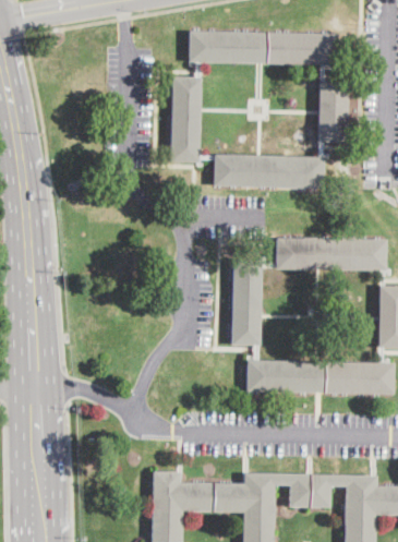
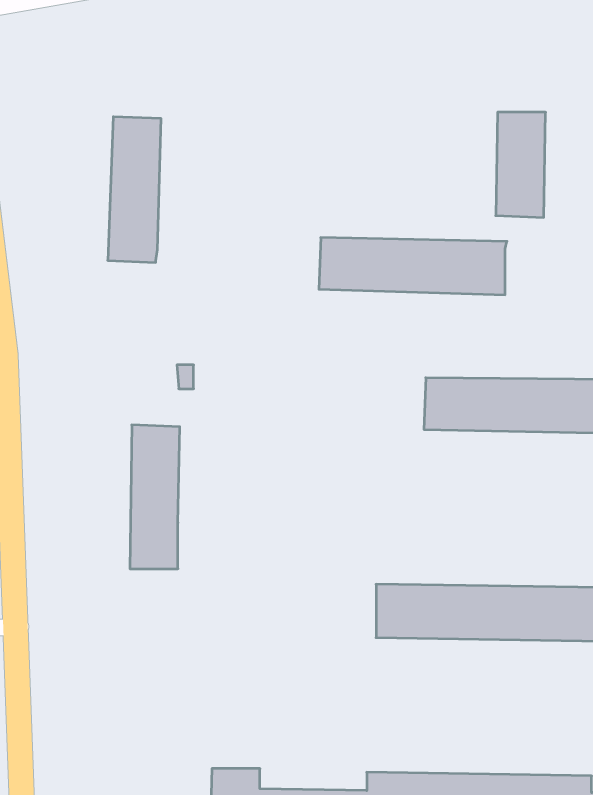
building: [189,32,337,67] -> none
building: [170,77,202,164] -> [108,117,161,262]
building: [232,261,262,346] -> [130,425,180,569]

